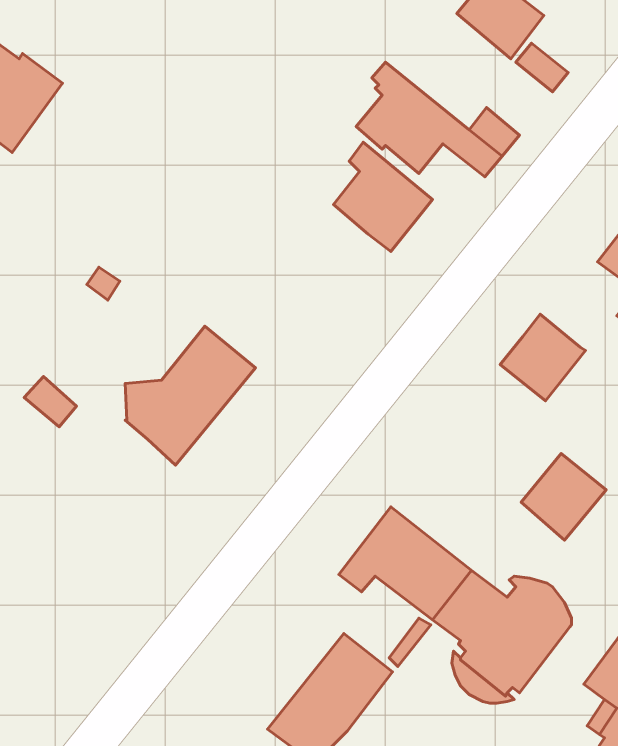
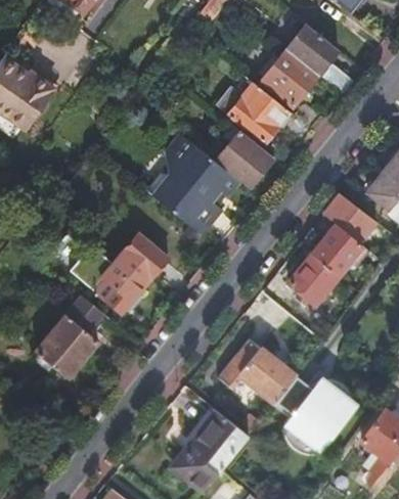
building: none -> [261,47,319,106]
building: none -> [151,132,235,233]
building: none -> [324,193,378,243]
building: none -> [35,293,102,376]
building: [521,453,606,540] -> [290,254,340,305]

